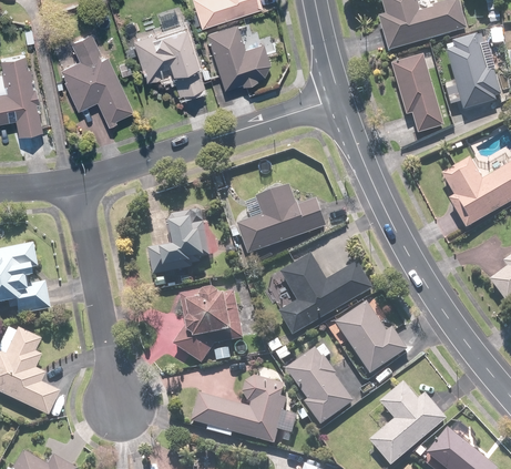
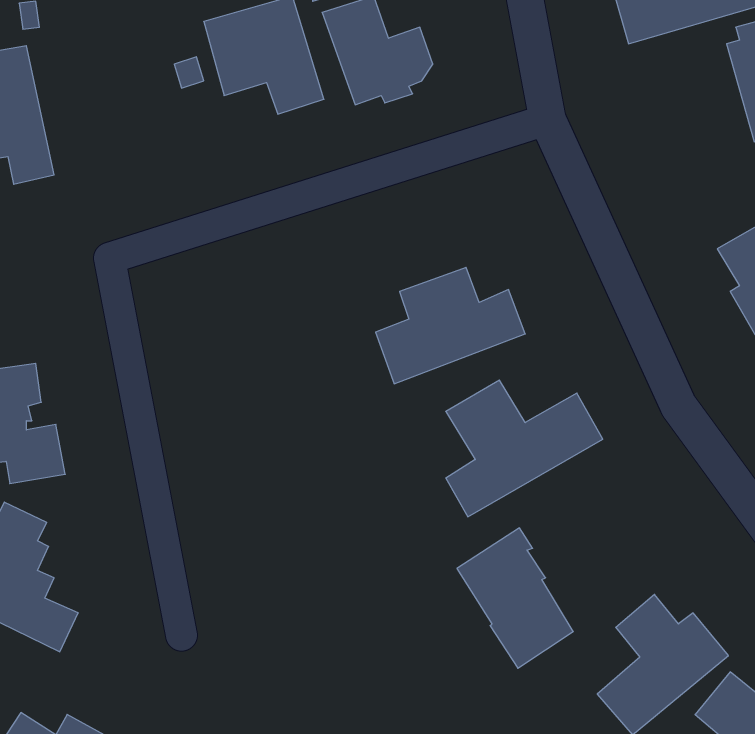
building: [60,30,133,122] -> none
building: [391,53,444,132] -> none
building: [146,207,213,274] -> none
building: [173,286,234,363] -> none
building: [336,300,408,373] -> none
building: [193,375,297,441] -> none

